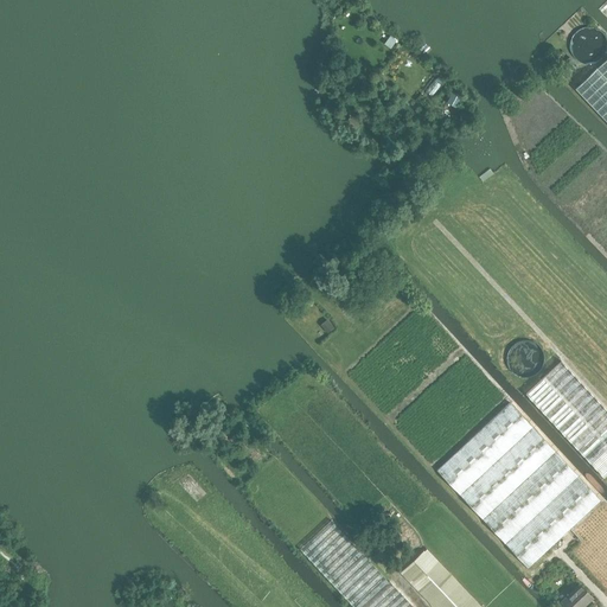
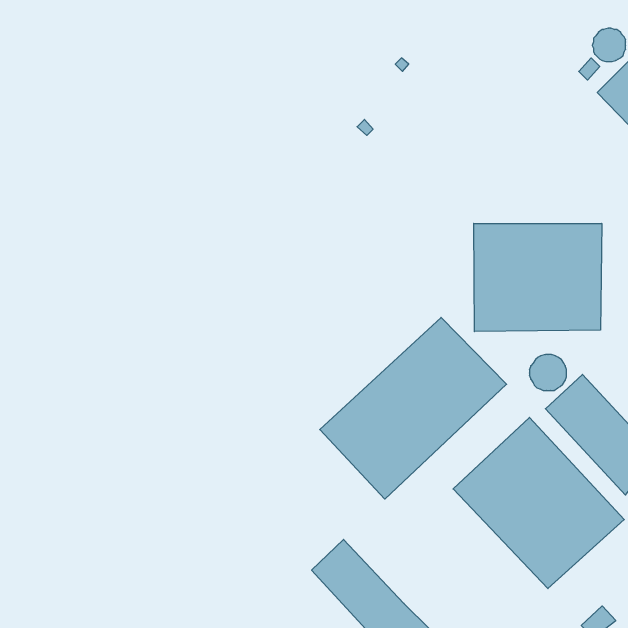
building: none -> [474,223,602,332]
building: none -> [320,317,507,499]

